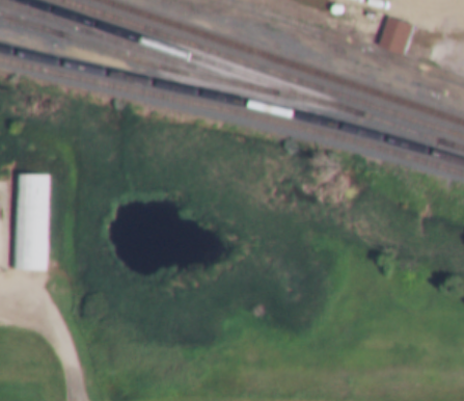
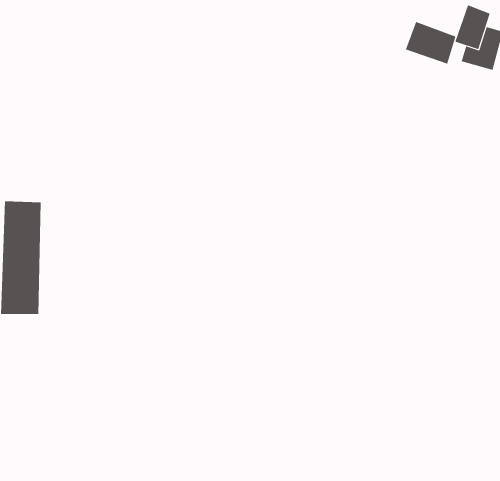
building: none -> [405,21,456,65]

